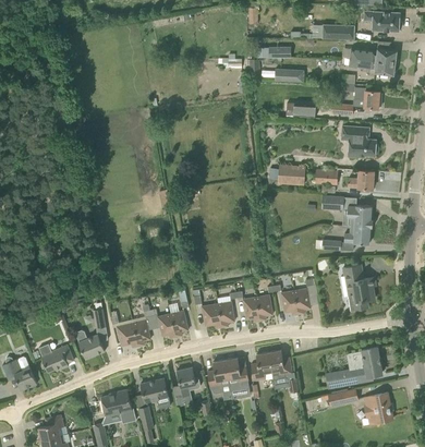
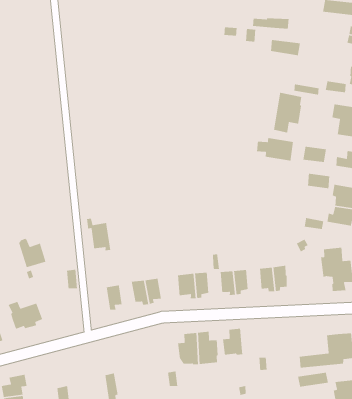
building: none -> [273,92,302,133]
building: [111,315,138,347] -> [86,218,111,251]
building: [75,329,105,359] -> [18,238,47,268]
building: [268,350,292,379] -> none
building: [173,367,201,398] -> none
building: [141,377,171,408] -> none
building: [101,389,136,421] -> none

